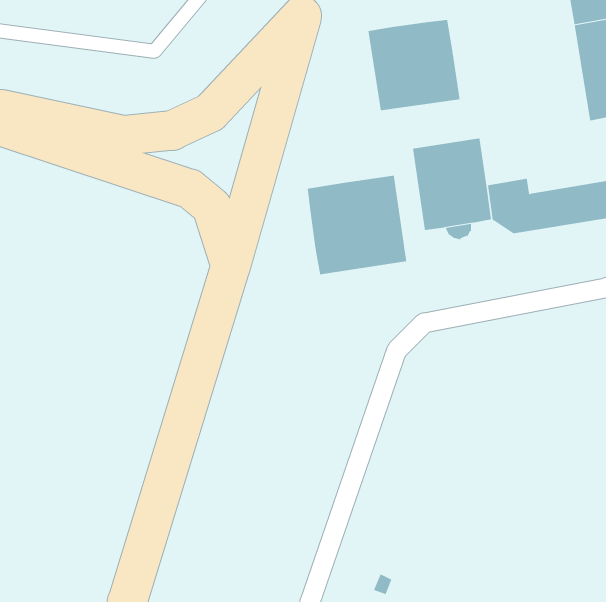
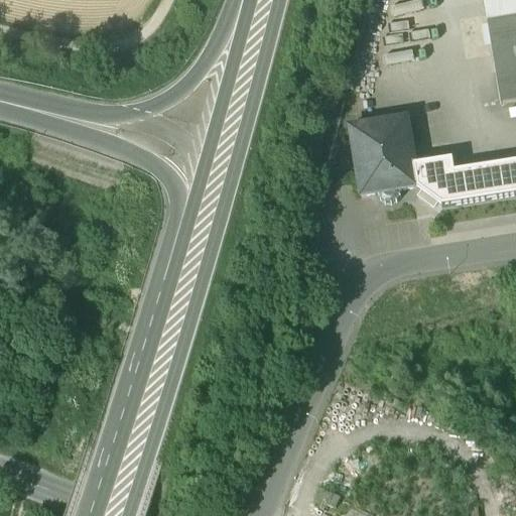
building: [368,19,460,111] -> none
building: [307,175,407,275] -> none

